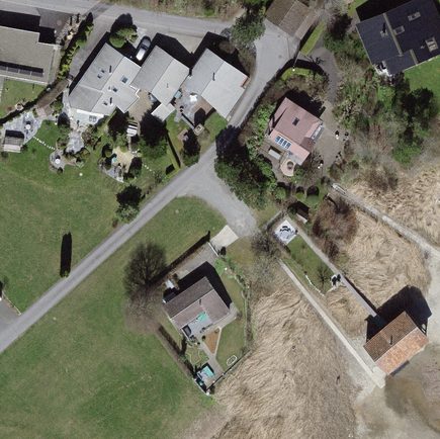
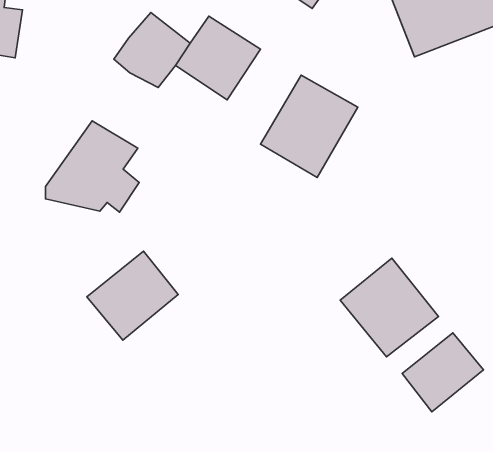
building: [65,43,142,118] -> [45,121,139,212]
building: none -> [340,258,438,357]
building: [158,273,233,346] -> [87,251,178,340]

